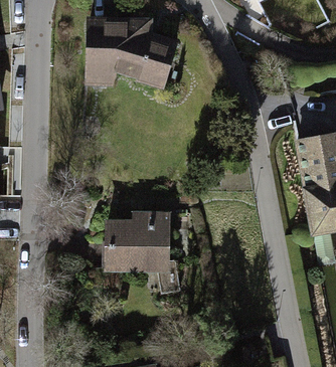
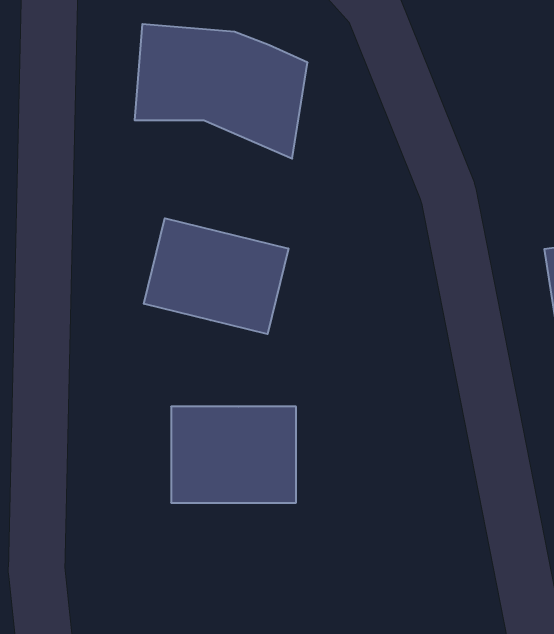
building: none -> [144,218,288,334]

